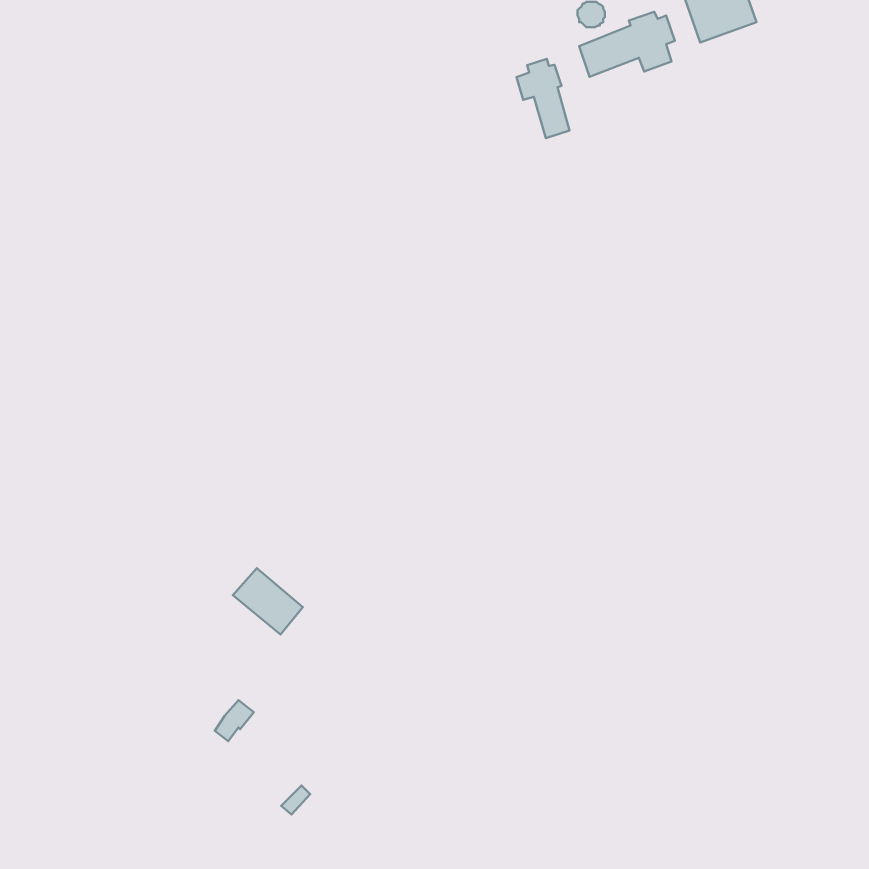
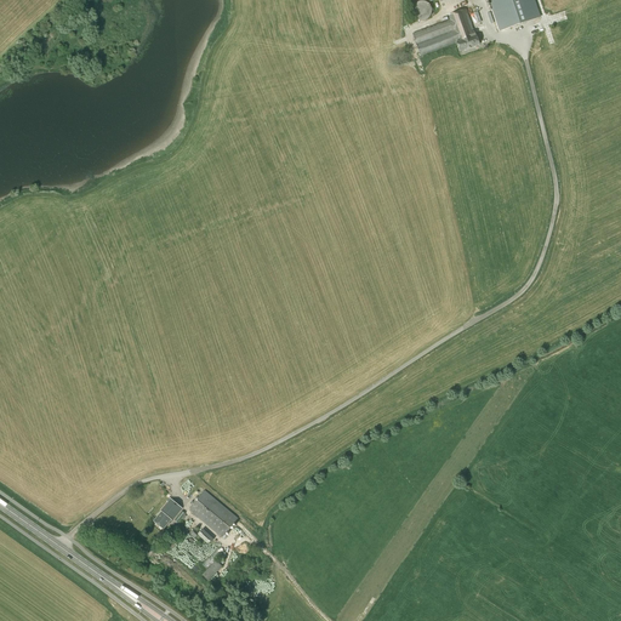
building: [516,59,569,138] -> none
building: [233,568,303,635] -> [187,489,237,536]

